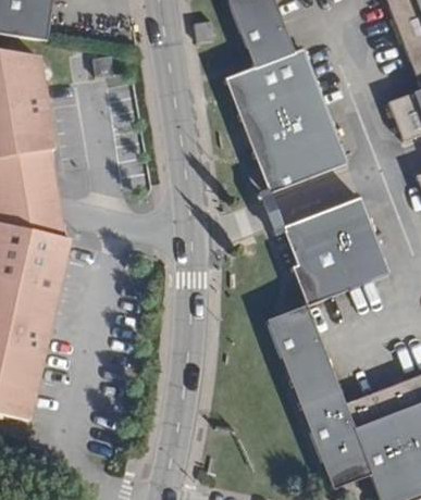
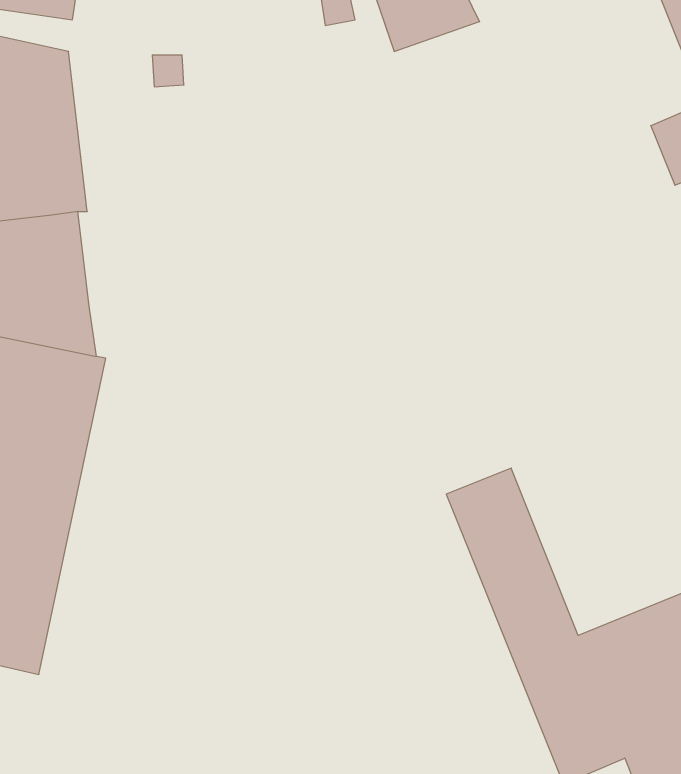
building: [223,47,346,191] -> none
building: [283,198,389,303] -> none

